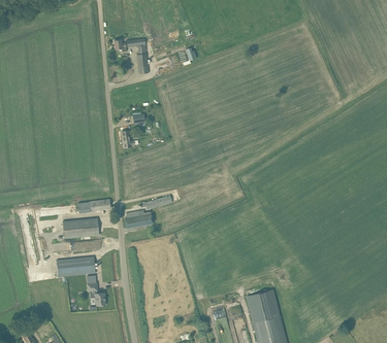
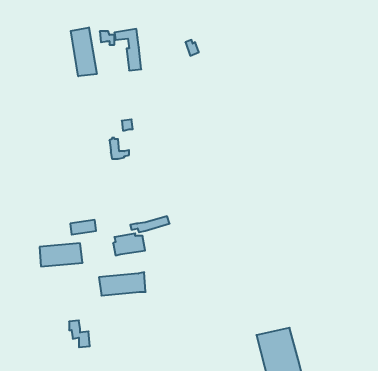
building: none -> [71,27,97,76]
building: [56,256,95,276] -> [99,272,146,296]

